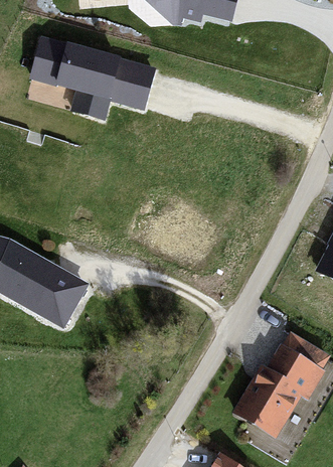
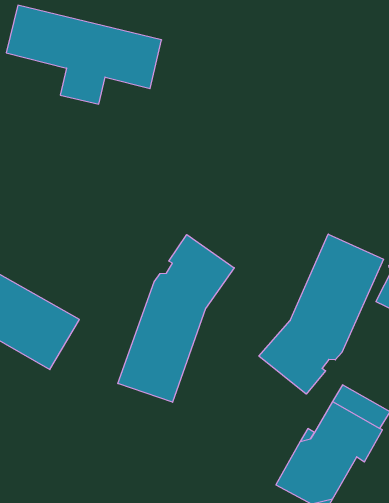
building: none -> [259,234,383,394]
building: none -> [118,235,234,402]

